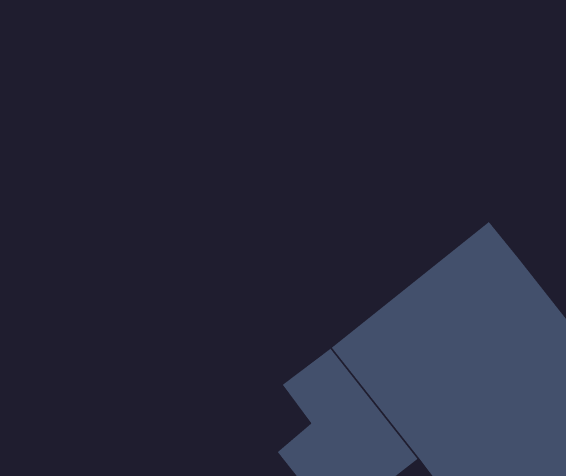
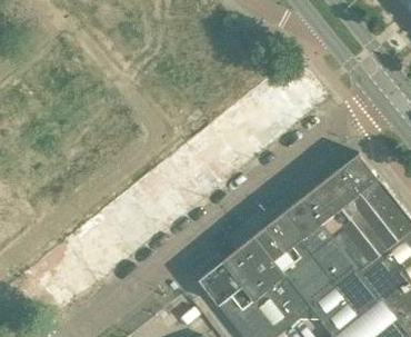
building: none -> [199,260,241,305]

